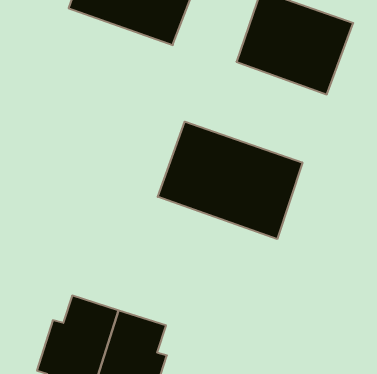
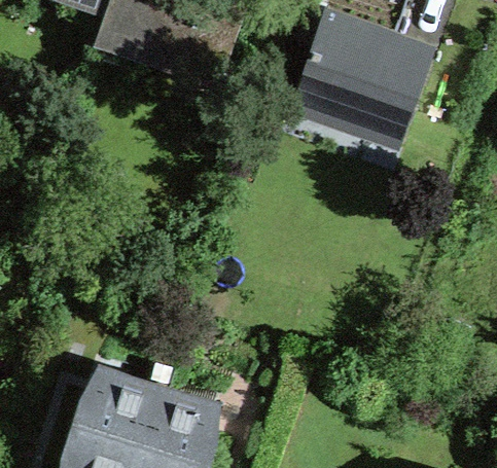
building: [158,122,302,239] -> none

